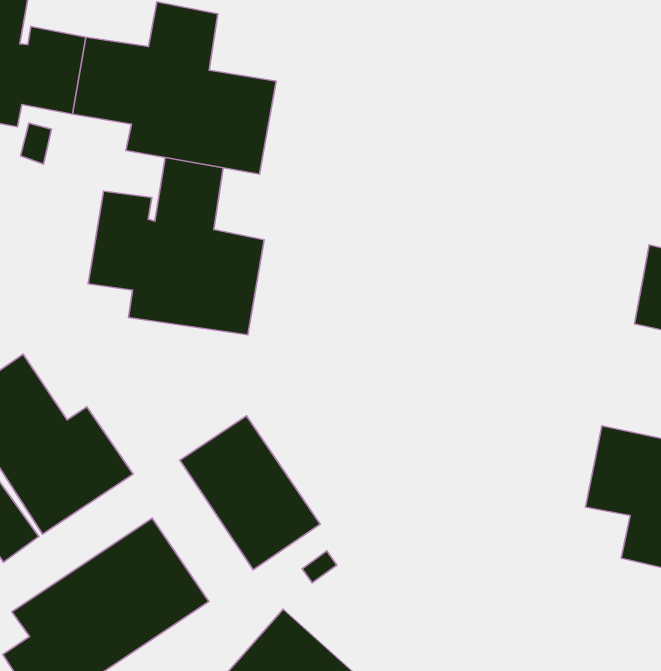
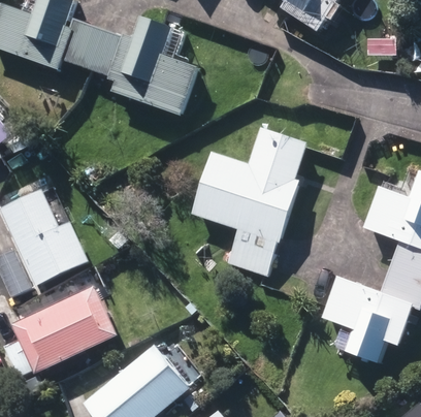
building: [88,158,264,335] -> none
building: none -> [191,127,305,275]
building: [180,416,320,570] -> none

